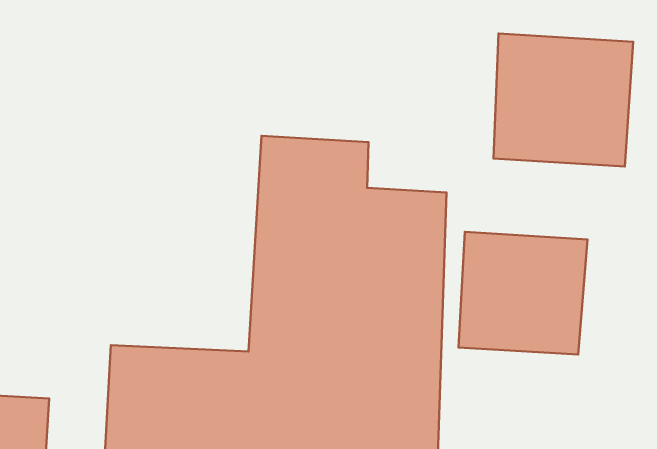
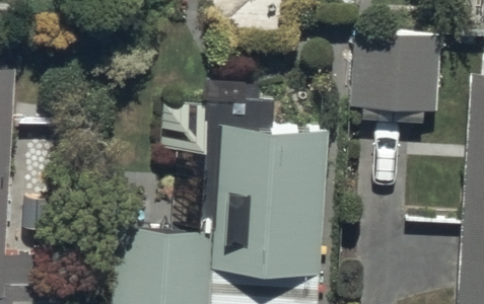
building: [458,232,588,355] -> none

